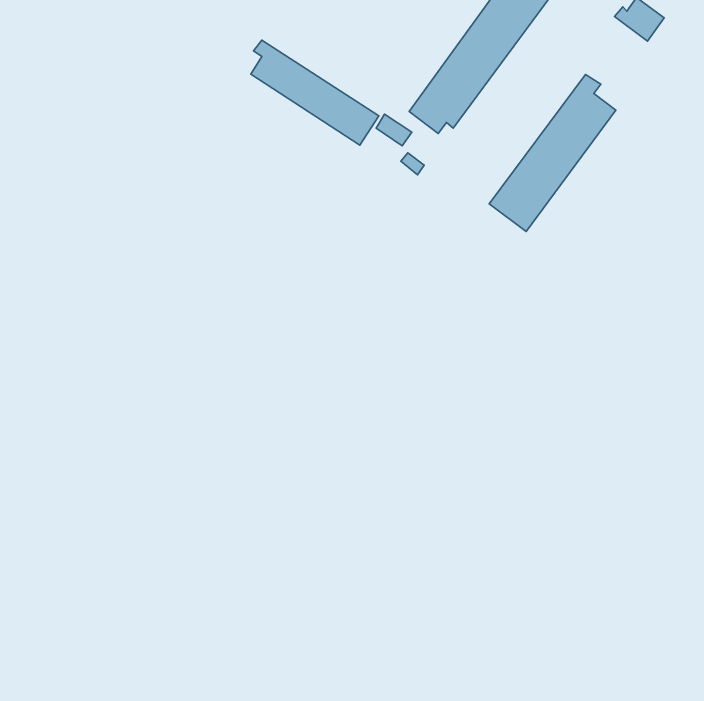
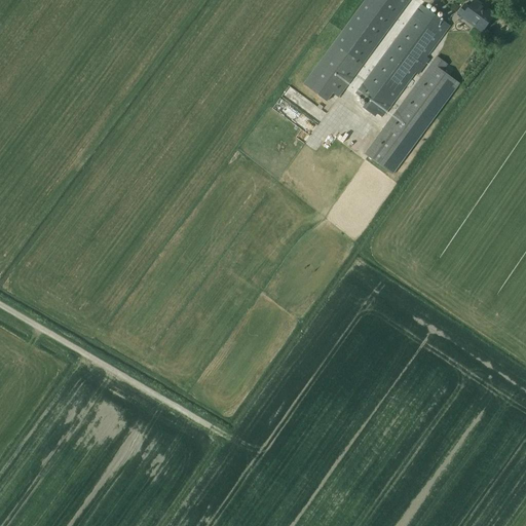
building: none -> [356,4,450,112]
building: [251,40,379,145] -> none

